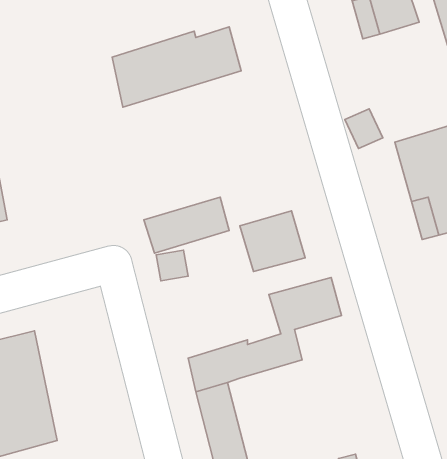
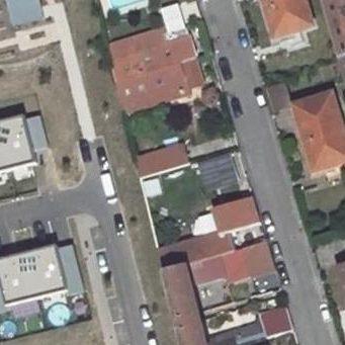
building: none -> [116,59,203,118]
building: none -> [194,241,274,284]

